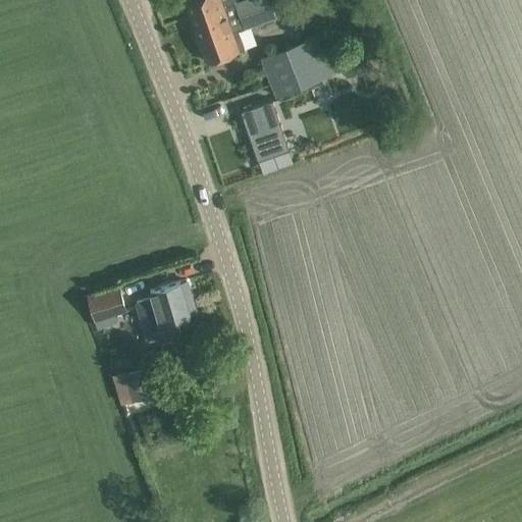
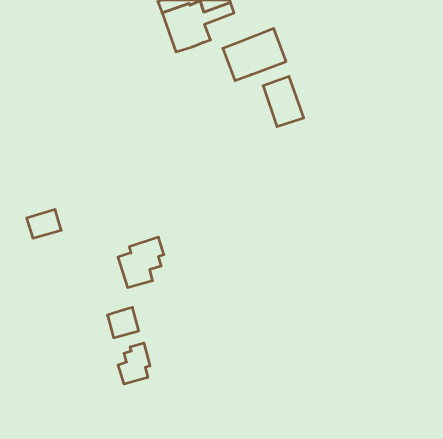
building: [242,103,290,162] -> [263,76,304,127]
building: [86,289,126,322] -> [27,210,61,238]
building: none -> [118,343,150,384]

